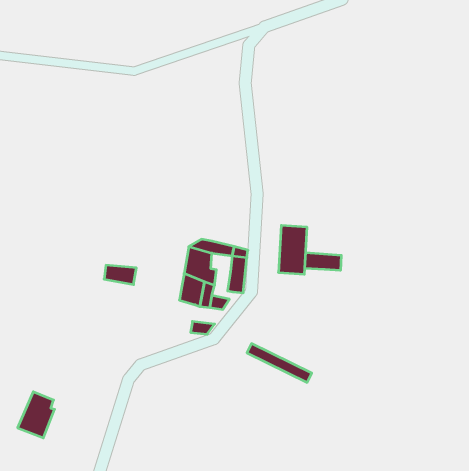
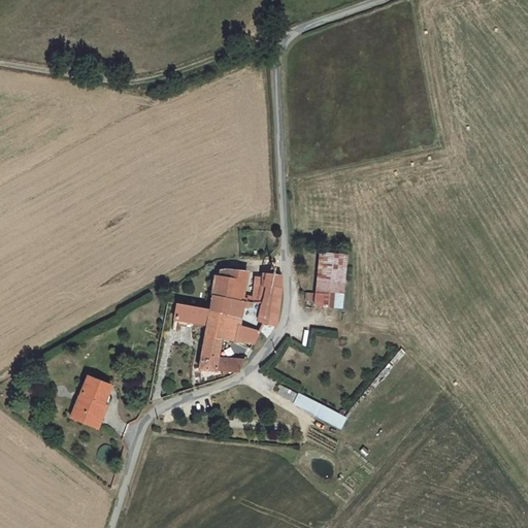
building: [305,252,341,270] -> none
building: [104,265,136,285] -> [173,302,209,324]
building: none -> [200,335,222,371]
building: [18,392,55,438] -> [71,377,112,429]

